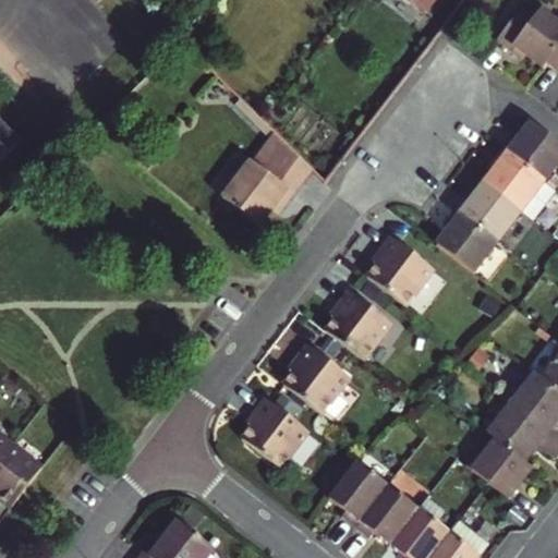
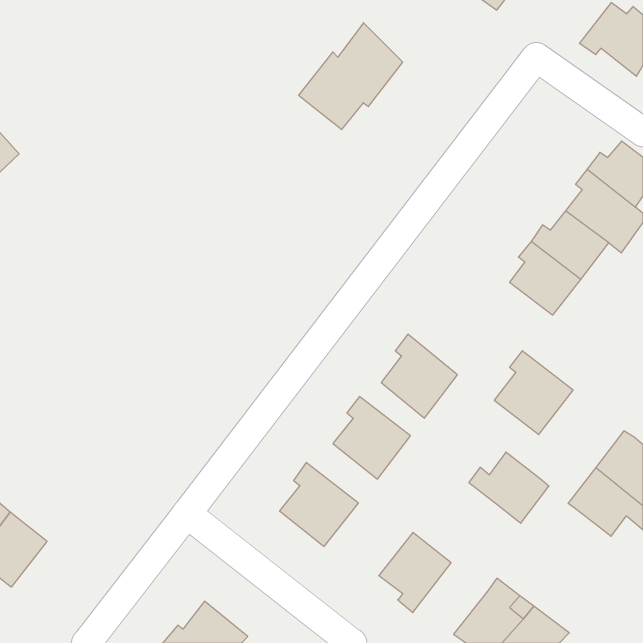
building: [220,136,310,228] -> [299,23,403,129]
building: [368,232,436,304] -> [494,351,573,435]
building: [463,437,532,498] -> [469,452,549,523]
building: [354,483,418,544] -> none

